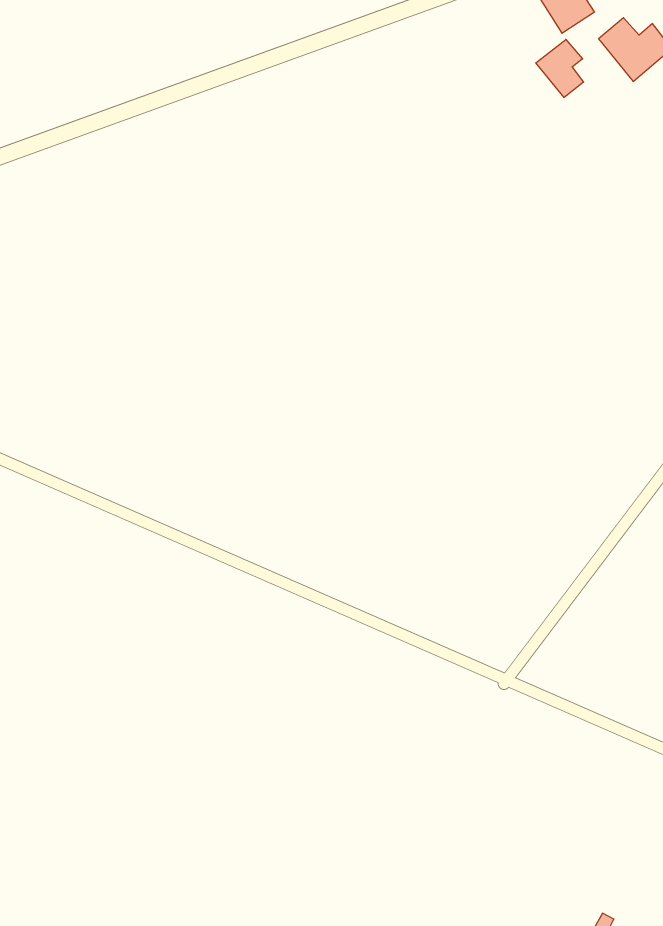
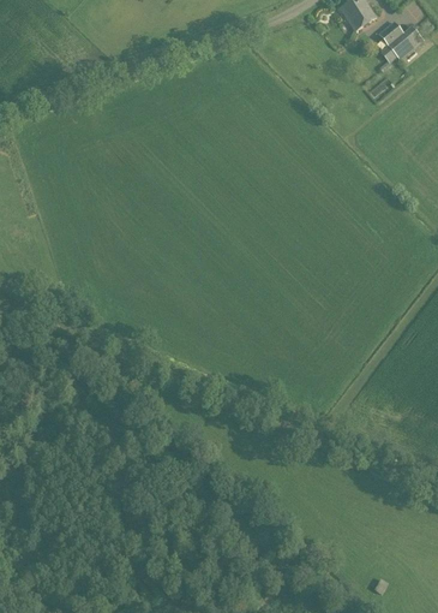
building: [536,39,584,98] -> none

